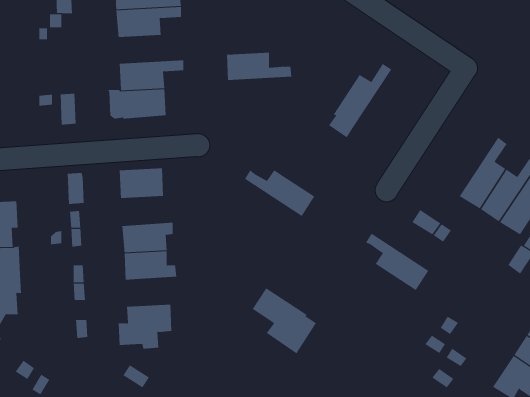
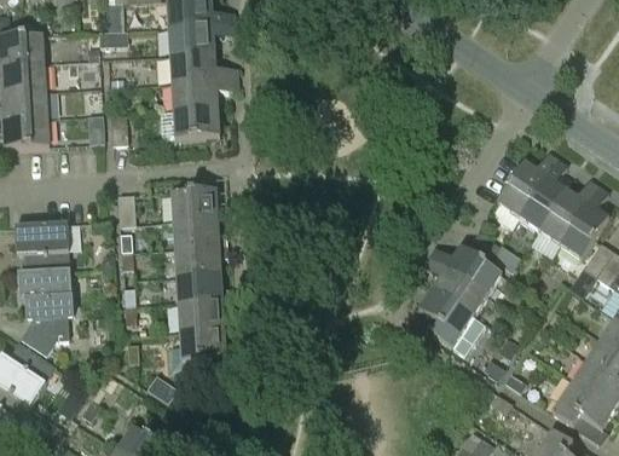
building: [226,52,292,80] -> [169,52,237,81]
building: [328,63,392,138] -> [492,150,557,226]
building: [244,169,315,217] -> [428,244,501,293]
building: none -> [172,217,226,247]
building: none -> [177,299,230,329]
building: [252,288,317,354] -> [417,285,484,353]

